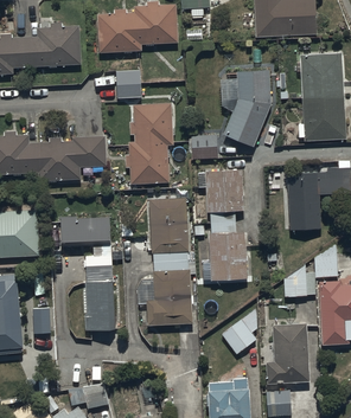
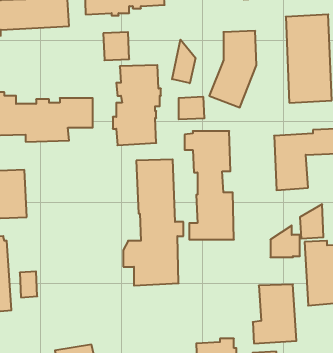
building: none -> [172,40,195,83]
building: [60,214,115,330] -> none
building: [221,309,257,354] -> none

